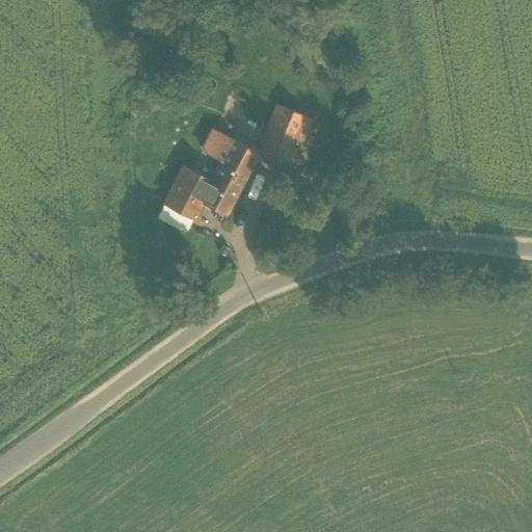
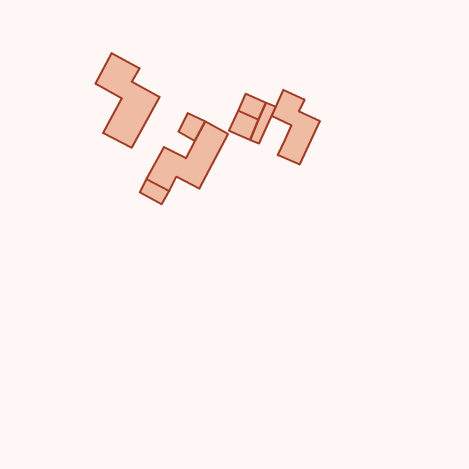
building: none -> [96,53,160,148]
building: none -> [272,90,320,165]

